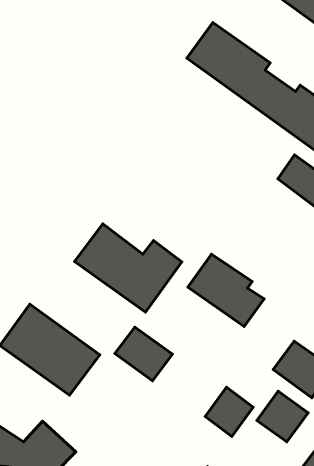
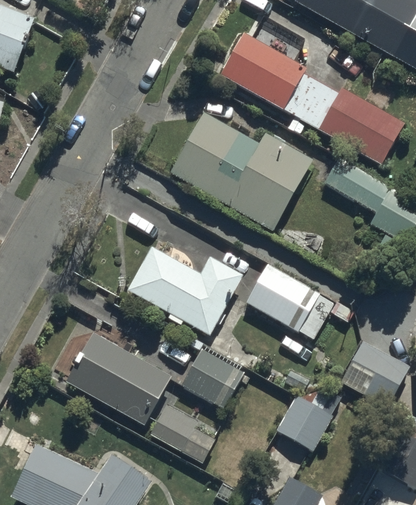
building: none -> [176,117,309,228]
building: none -> [149,408,214,462]
building: [257,391,308,442] -> none

